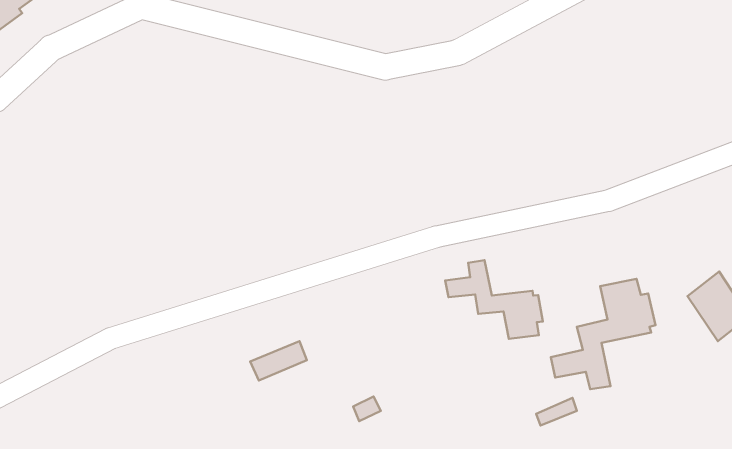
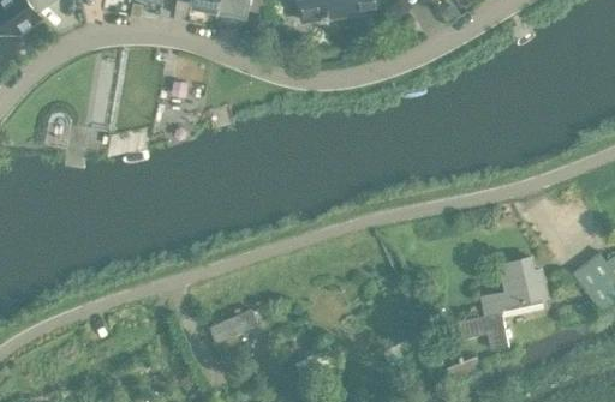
building: [445,260,543,339] -> none

